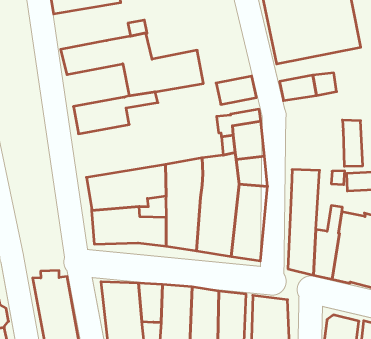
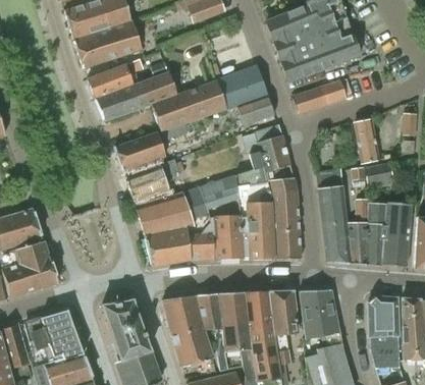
building: none -> [88,60,142,99]
building: none -> [217,66,268,110]
building: none -> [125,159,179,202]

